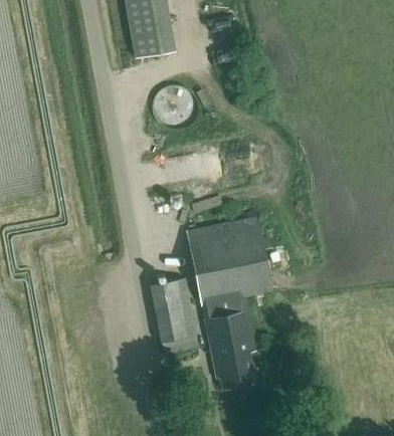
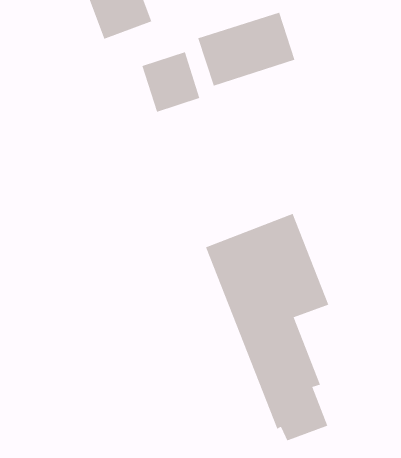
building: none -> [198,12,295,86]
building: [150,277,198,353] -> none

